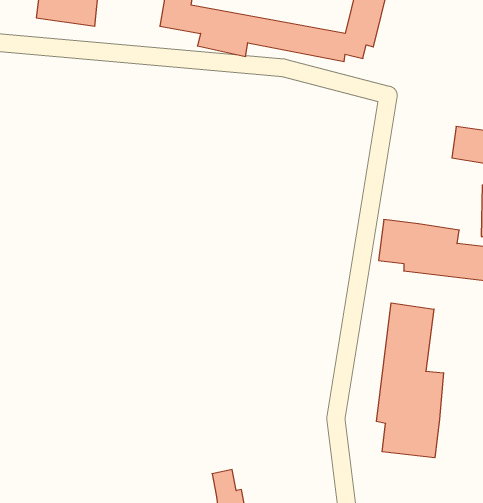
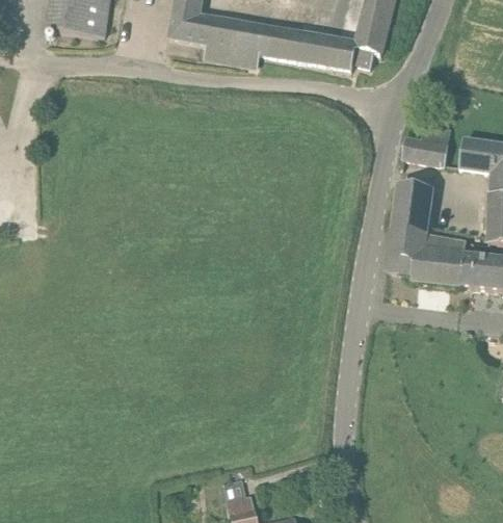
building: none -> [402,122,451,164]
building: none -> [392,183,433,232]
building: [376,303,443,458] -> none

